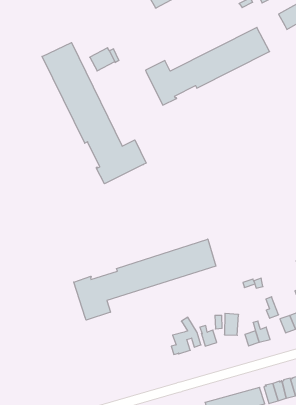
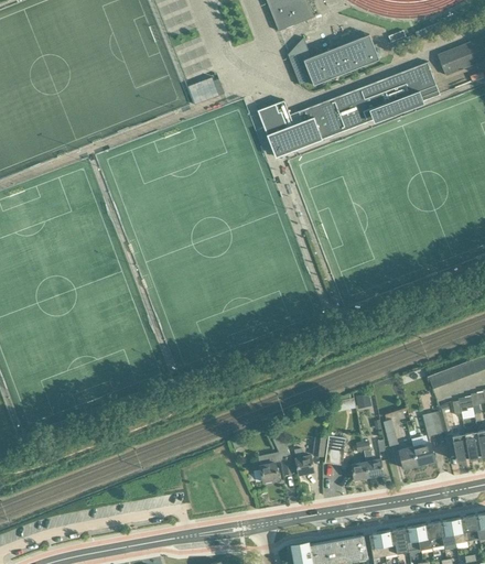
building: none -> [288,34,379,85]
building: none -> [408,62,441,102]
building: [42,43,146,184] -> none
building: [74,239,216,320] -> none

